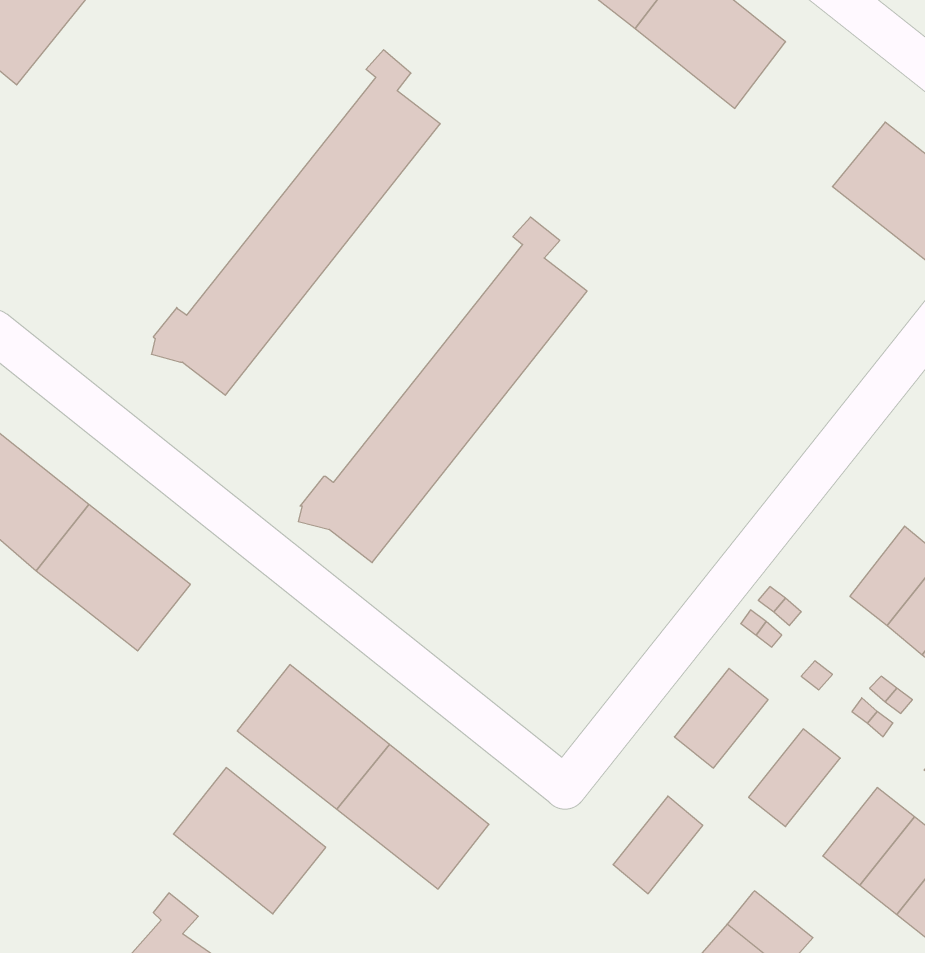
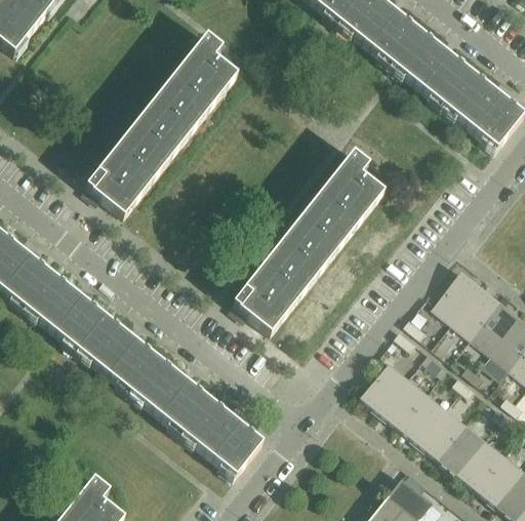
building: none -> [391,27,470,103]
building: [298,217,587,563] -> [231,148,382,329]
building: none -> [431,266,480,318]
building: none -> [417,403,466,454]
building: [173,768,326,914] -> [77,312,157,389]
building: [613,796,703,894] -> [379,372,427,424]

